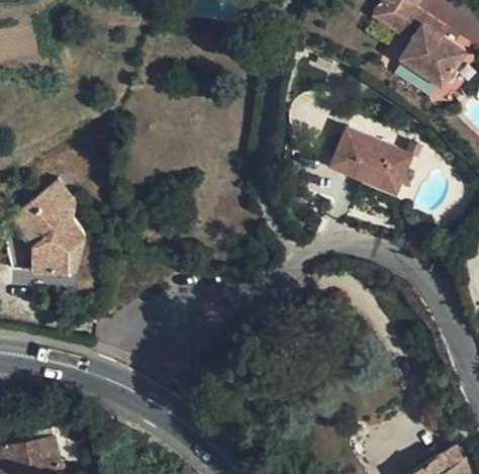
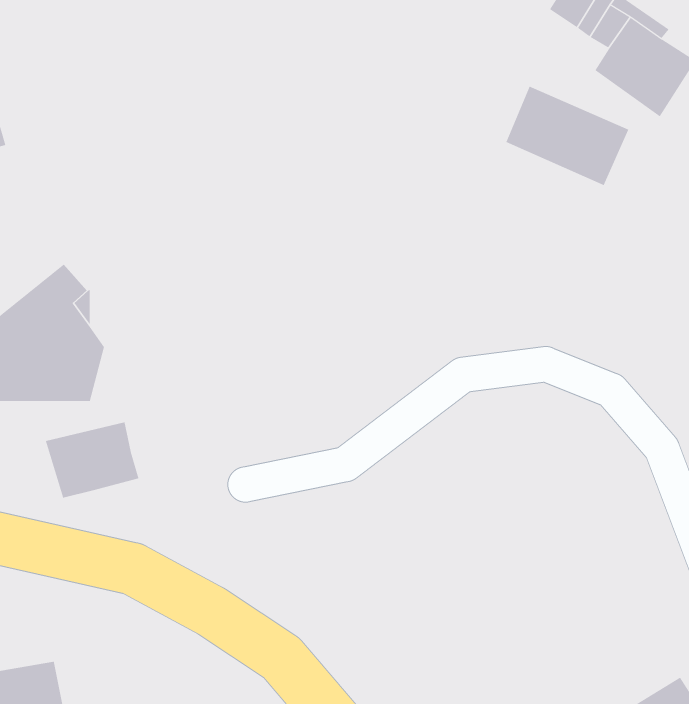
building: [331,129,411,194] -> [506,86,629,186]
building: none -> [45,421,139,498]

